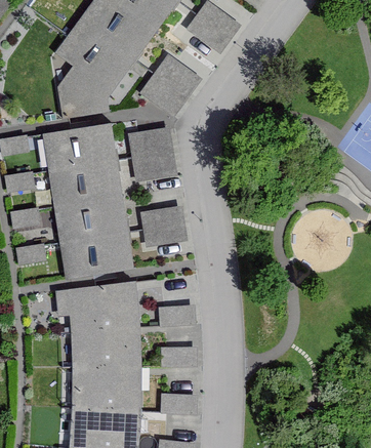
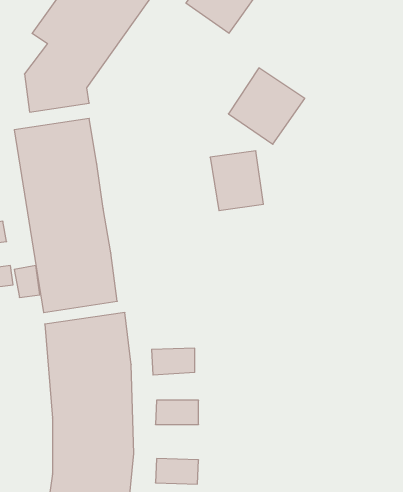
building: [142,54,204,116] -> [228,68,305,144]
building: [132,129,175,177] -> [210,151,263,211]
building: [141,205,184,244] -> none

